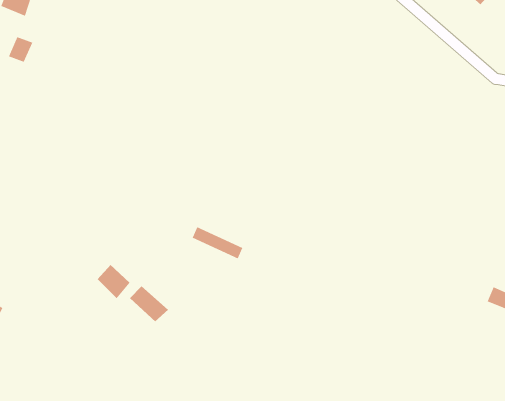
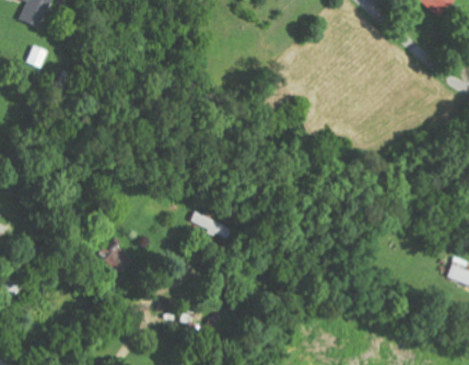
building: [129,285,169,322] -> none

